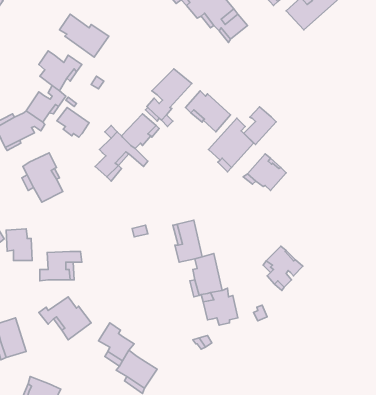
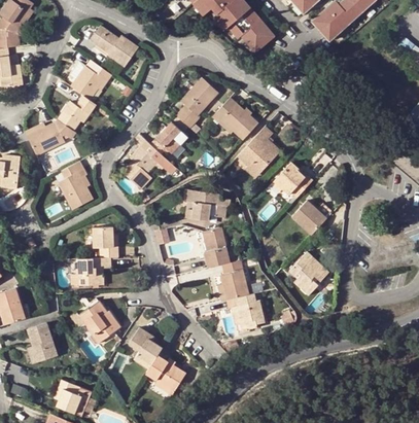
building: [244,107,276,144] -> none
building: [57,108,89,137] -> none
building: none -> [185,189,228,220]
building: none -> [291,200,328,235]
building: [6,229,32,261] -> [93,226,118,257]

